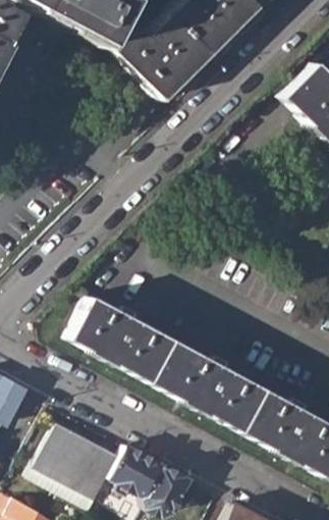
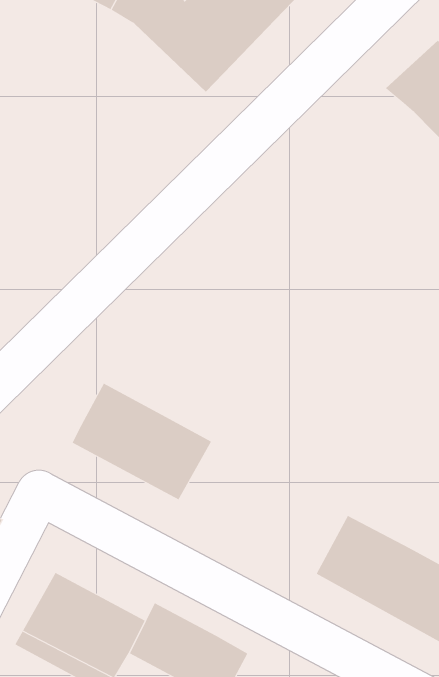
building: [146,336,260,426] -> none

